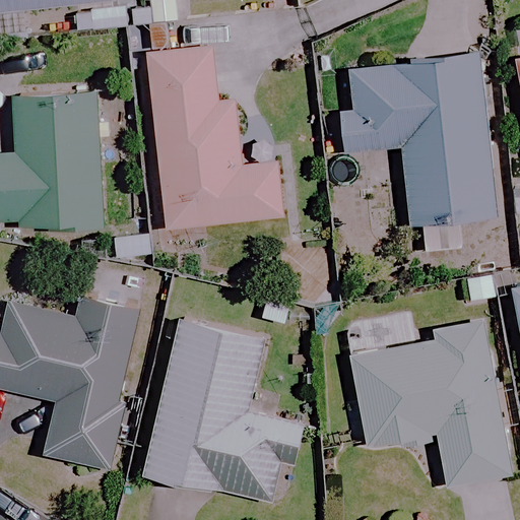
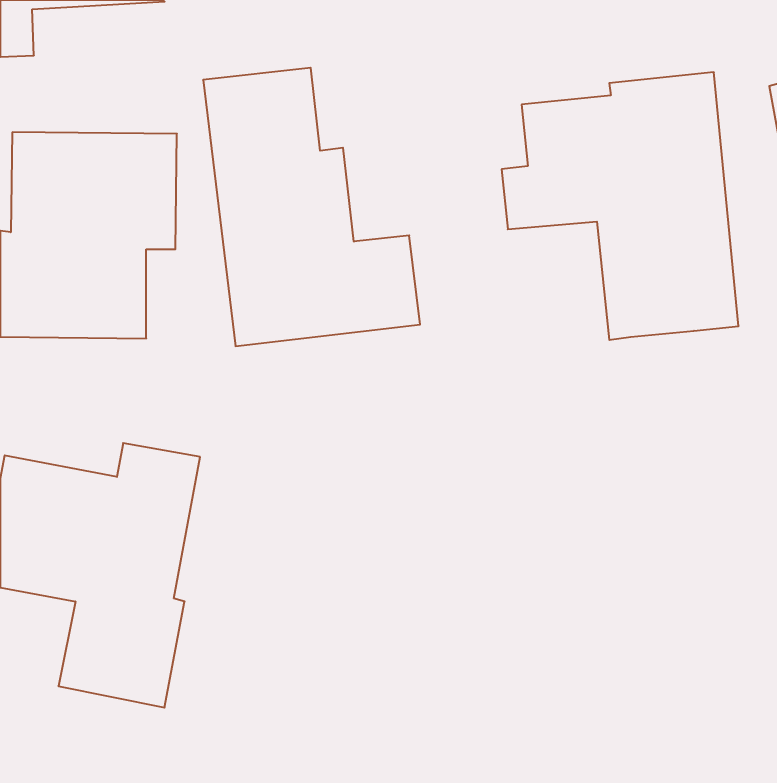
building: [143,316,307,503] -> none
building: [350,321,515,488] -> none

